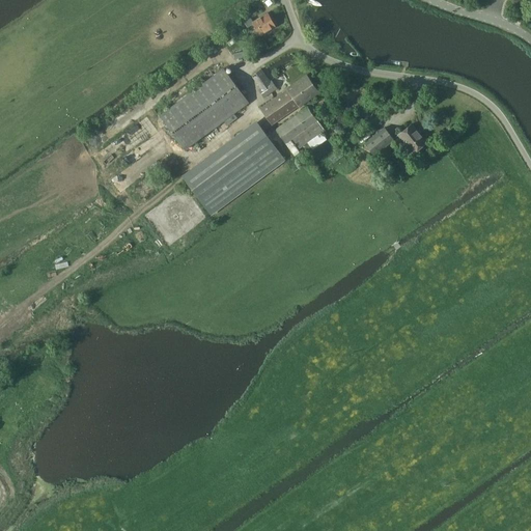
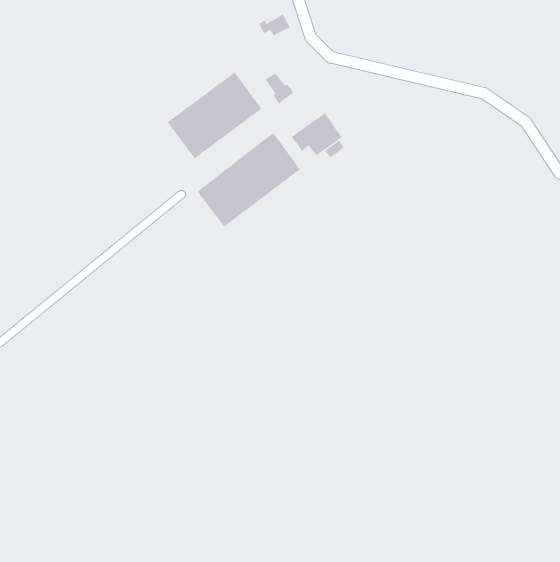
building: [259,74,318,124] -> none
building: [396,123,425,153] -> none
building: [363,127,394,156] -> none

